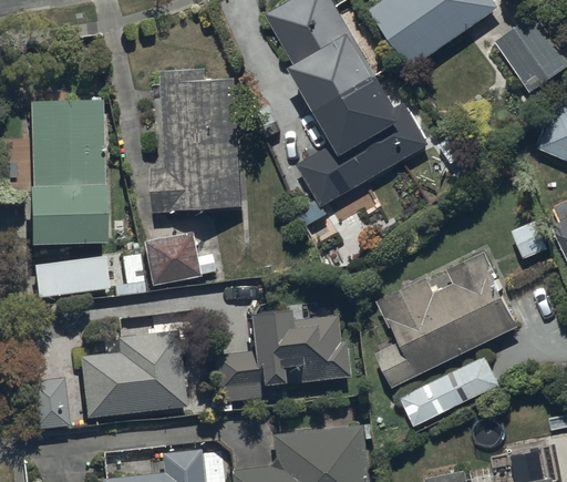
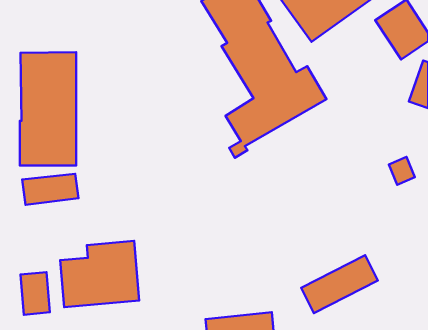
building: [152,55,241,198] -> none
building: [142,225,214,279] -> none
building: [378,256,520,390] -> none
building: [215,318,350,404] -> none

